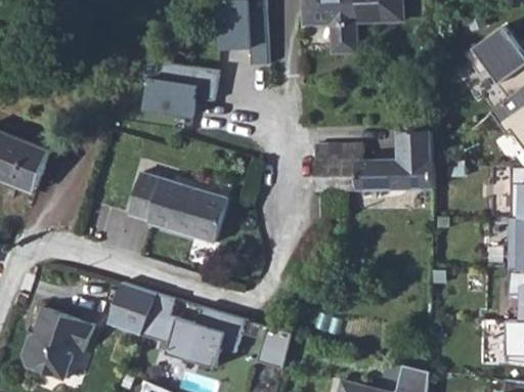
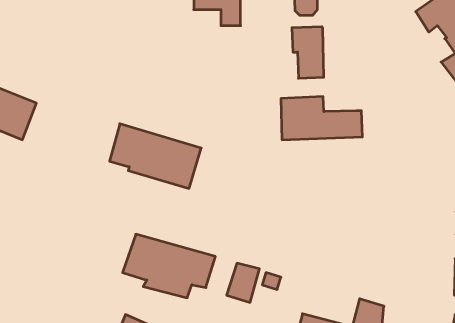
building: [144,66,220,121] -> none
building: [398,131,433,187] -> [292,27,324,78]
building: [106,281,158,336] -> none
building: [21,299,92,372] -> none

